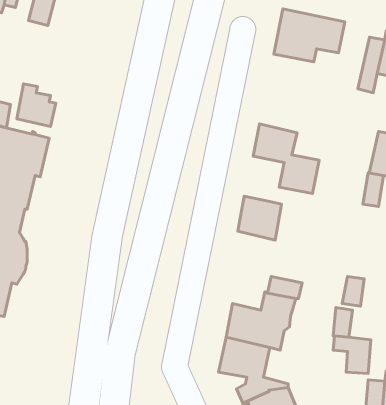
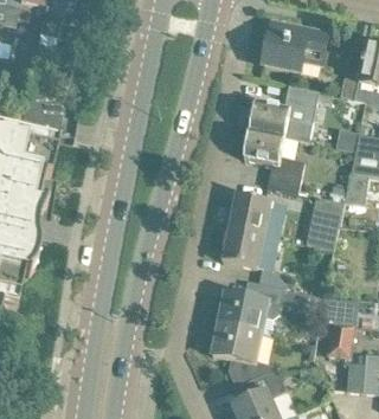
building: none -> [249,83,317,141]
building: none -> [304,215,339,250]
building: none -> [221,225,263,266]

